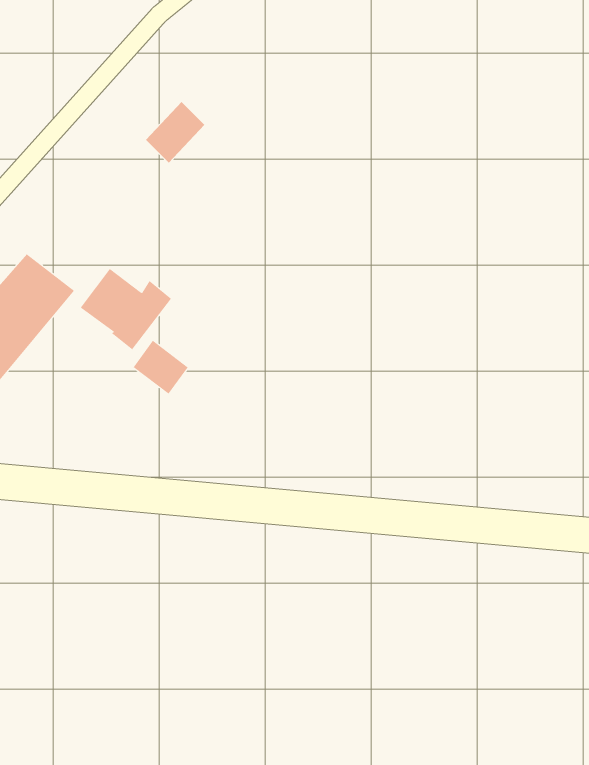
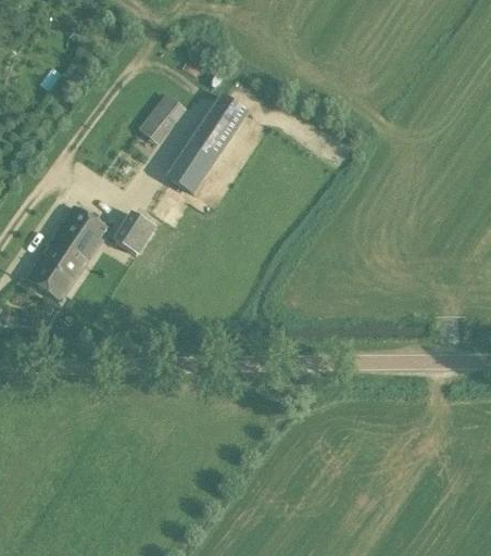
building: none -> [168,97,247,194]
building: [133,340,189,395] -> none

